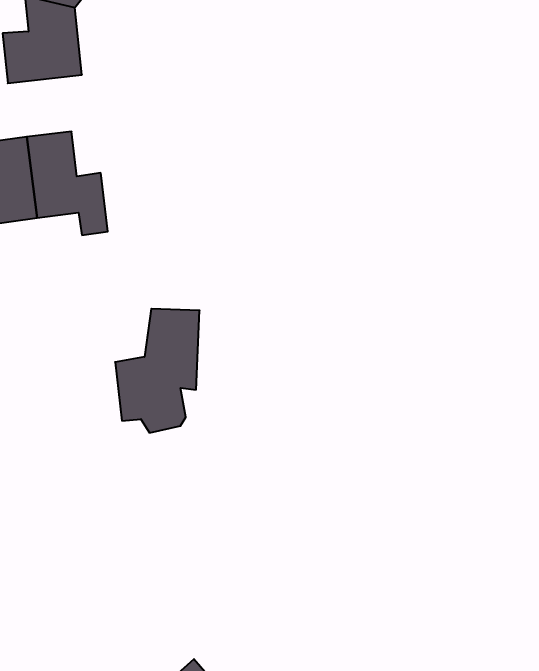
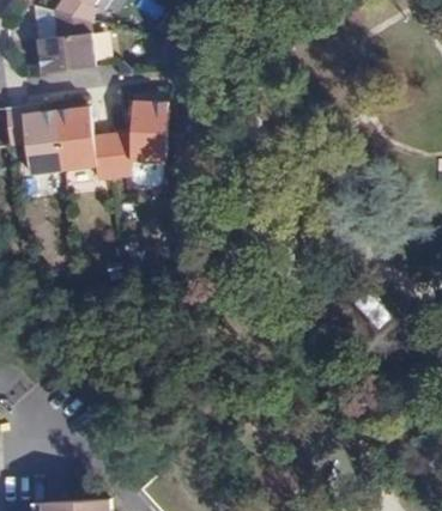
building: [115,309,200,433] -> [102,98,161,184]

